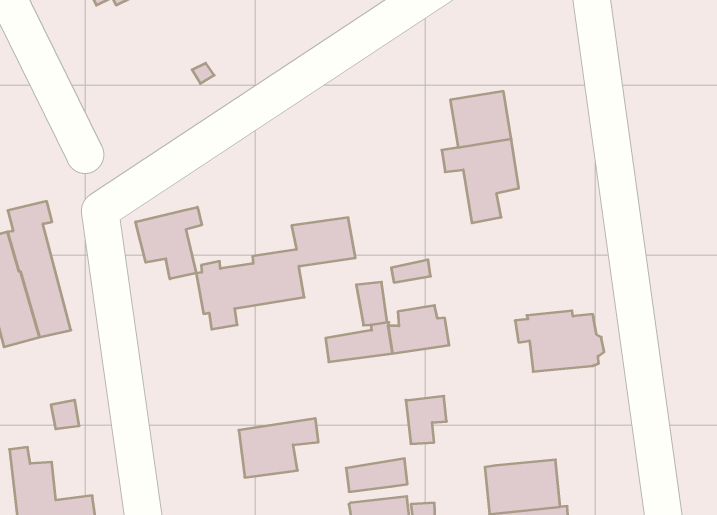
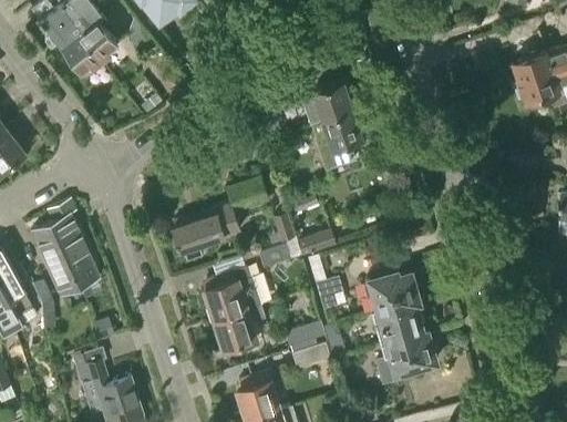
building: [136,207,202,279] -> none
building: [515,311,604,372] -> [361,272,420,315]
building: none -> [204,256,260,320]

